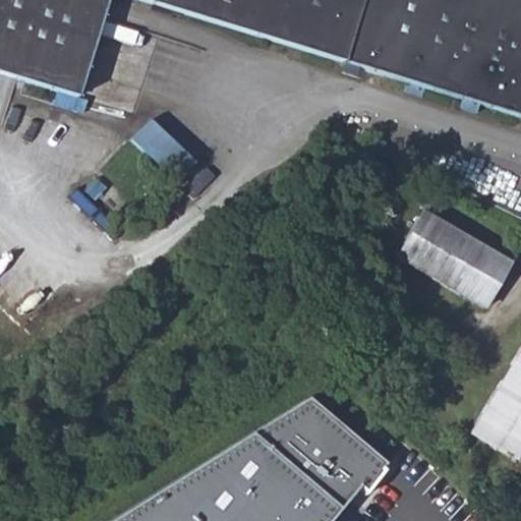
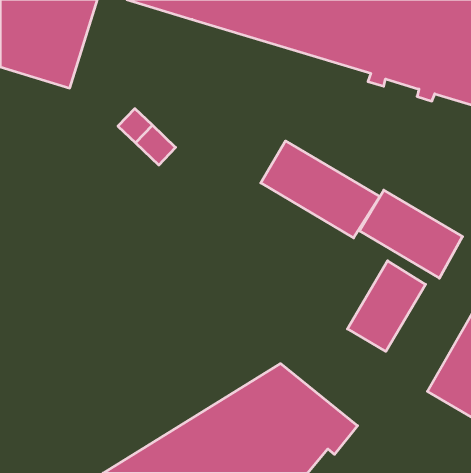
building: none -> [261,141,380,238]
building: none -> [347,261,426,351]

